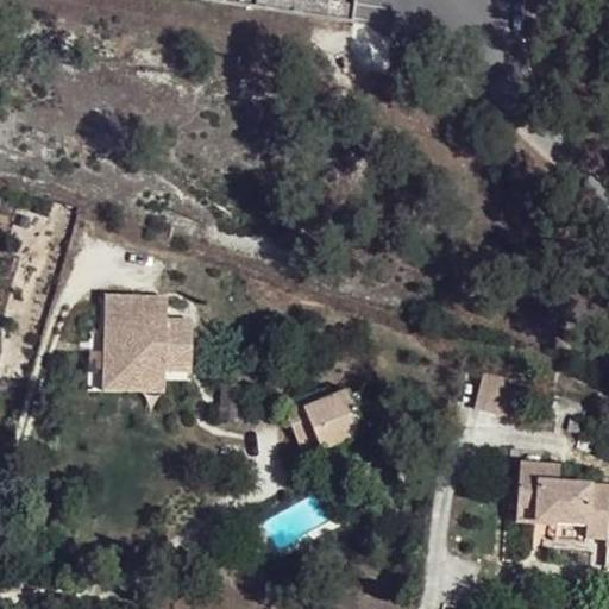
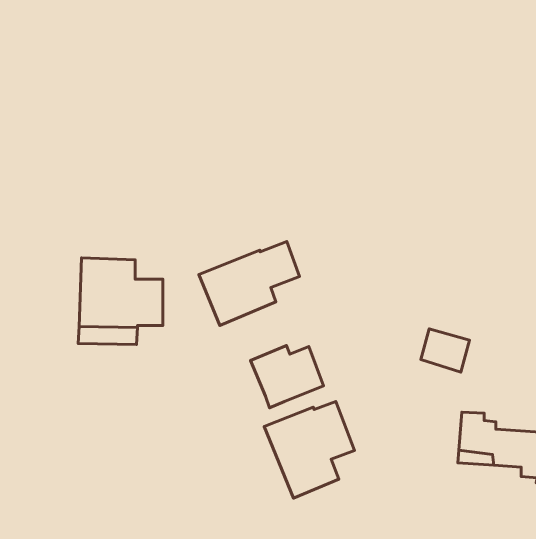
building: none -> [199,241,300,325]
building: none -> [264,401,354,498]

